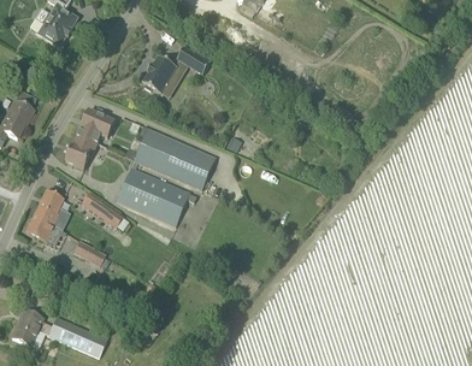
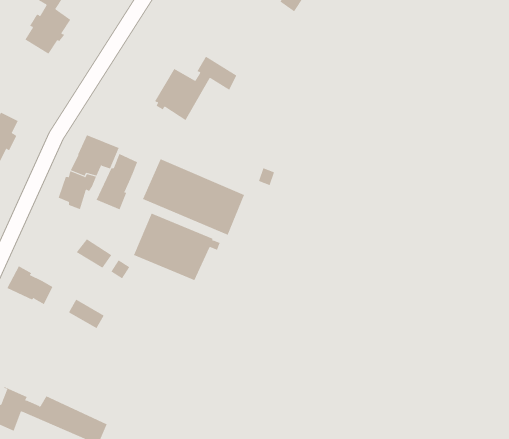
building: none -> [96,153,138,210]
building: [35,190,64,226] -> none

